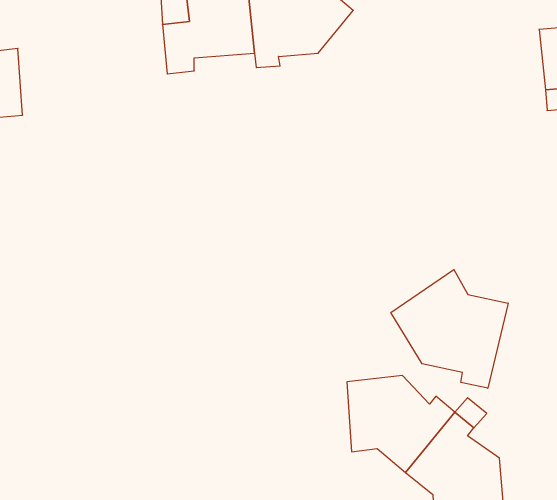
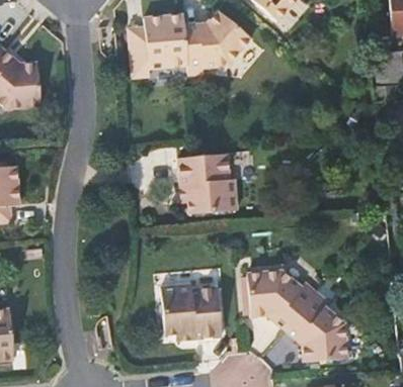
building: none -> [178,154,238,214]
building: [391,270,508,388] -> none
building: none -> [160,284,222,338]

